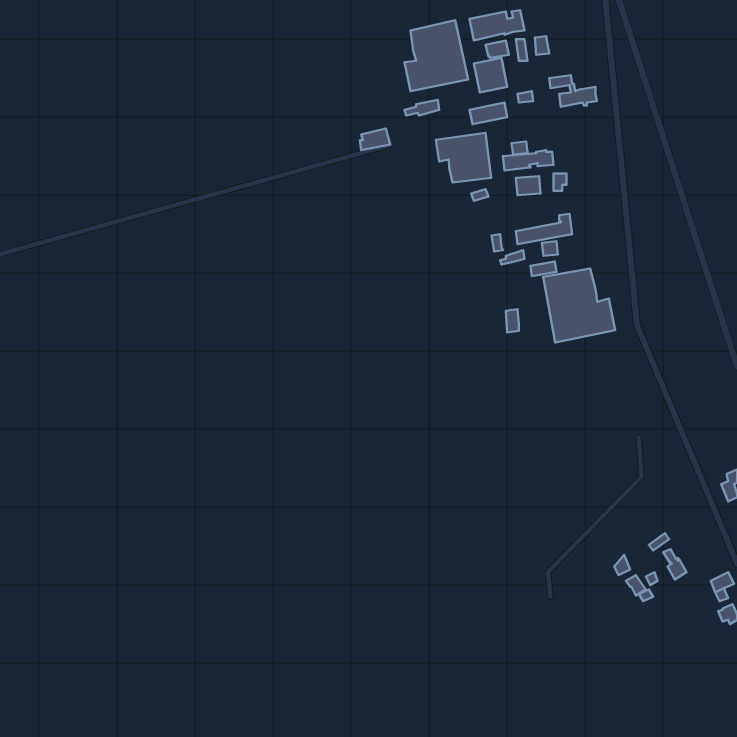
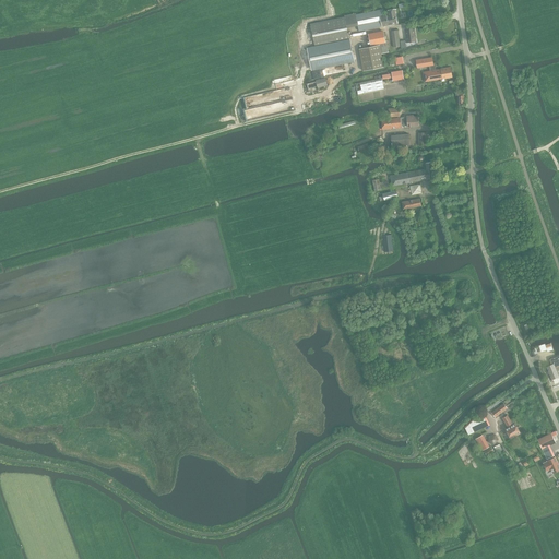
building: [436,133,491,183] -> none
building: [543,269,615,342] -> none

